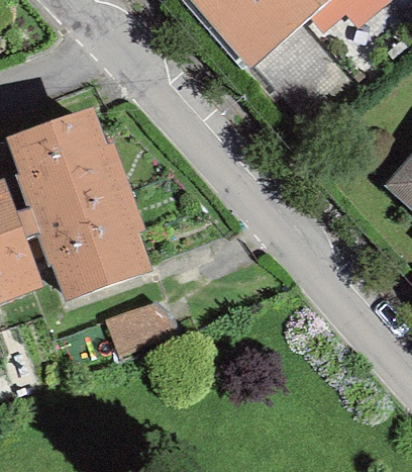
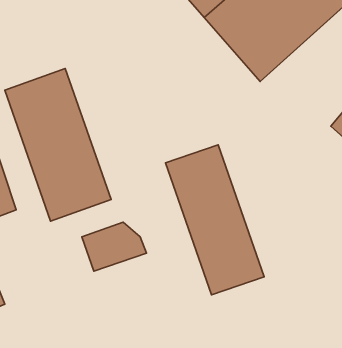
building: none -> [165,145,264,295]

